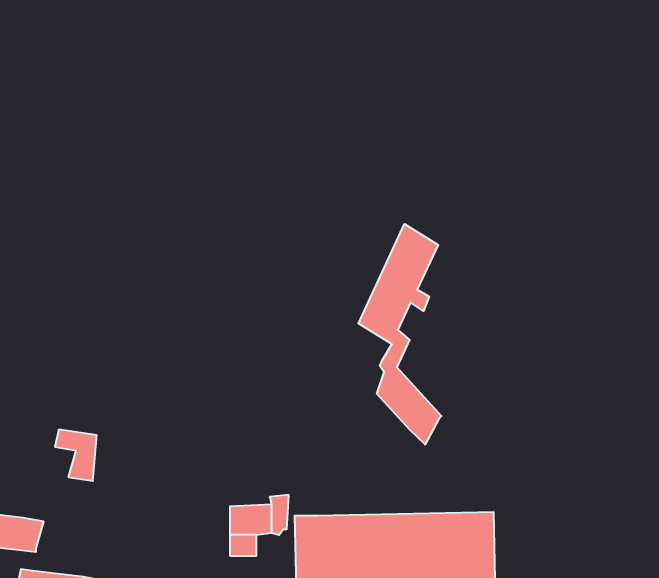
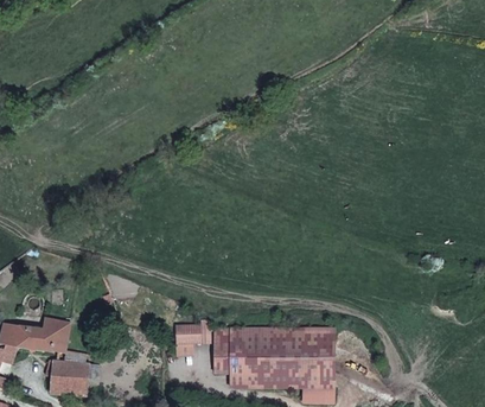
building: [358,224,442,445] -> none
building: [55,430,97,481] -> [44,317,70,349]

